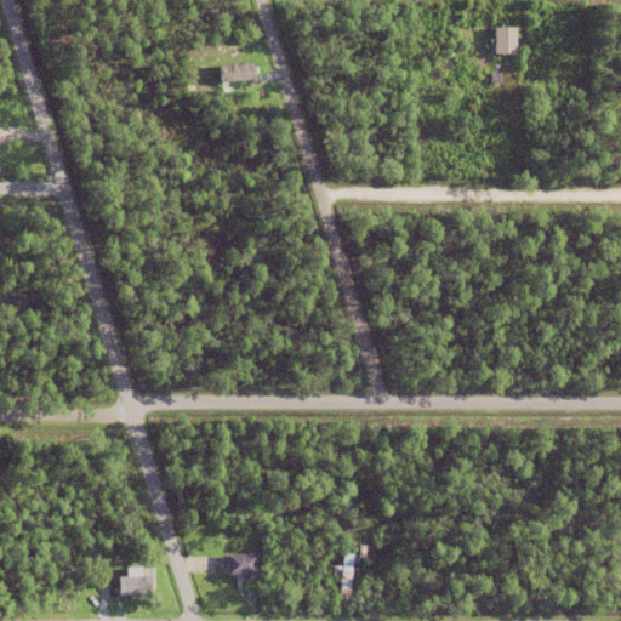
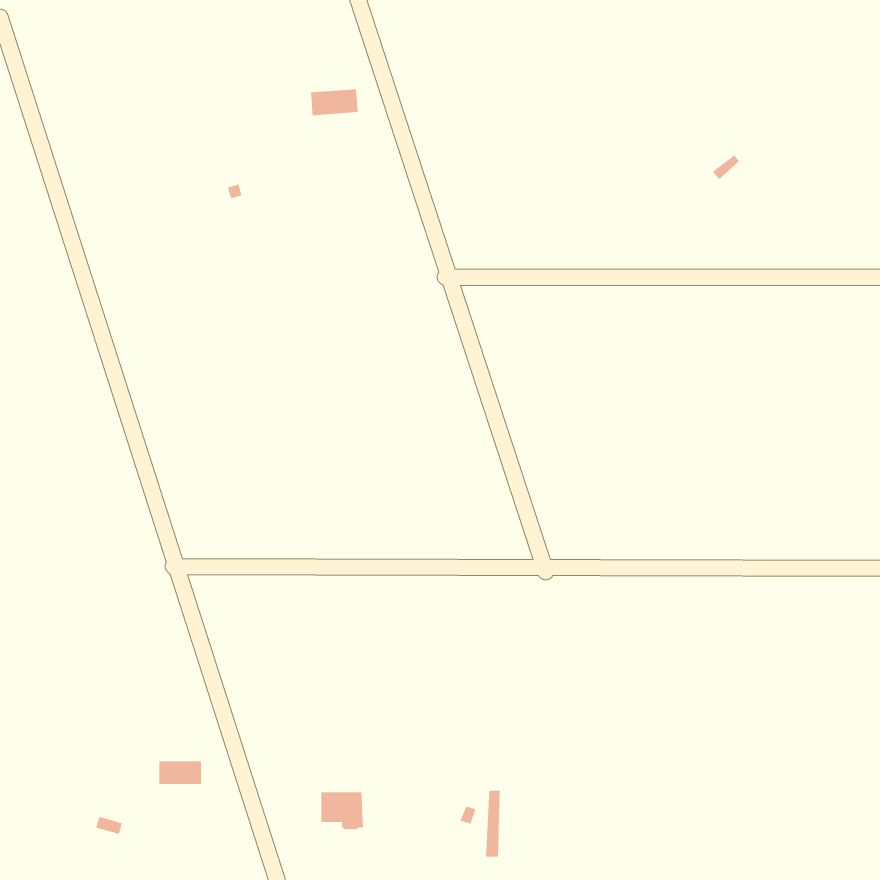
building: [496,27,517,53] -> none
building: [120,577,150,594] -> [159,760,202,785]

